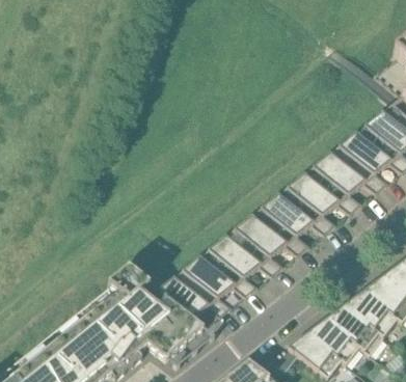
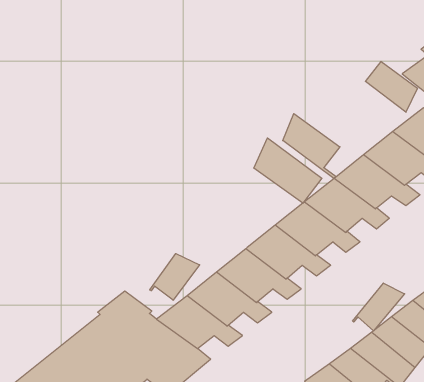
building: none -> [365,61,418,112]
building: none -> [283,114,340,178]
building: none -> [254,138,322,203]
building: none -> [150,254,200,300]
building: none -> [353,283,405,331]

